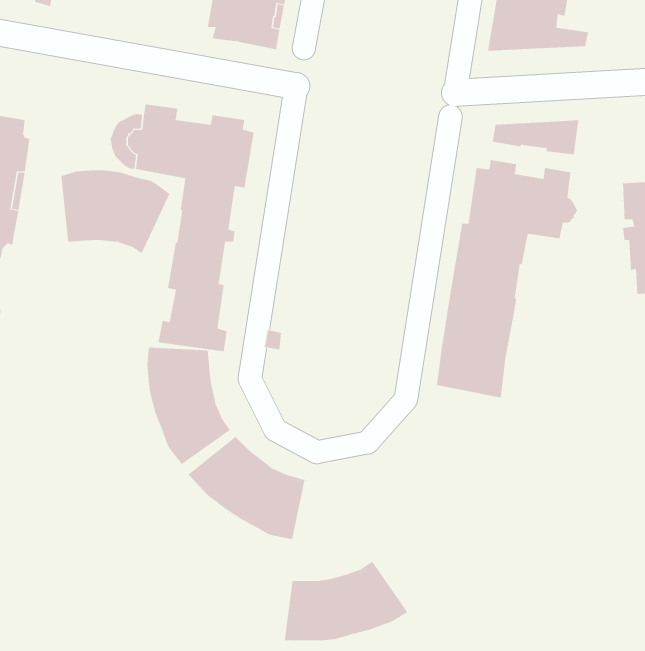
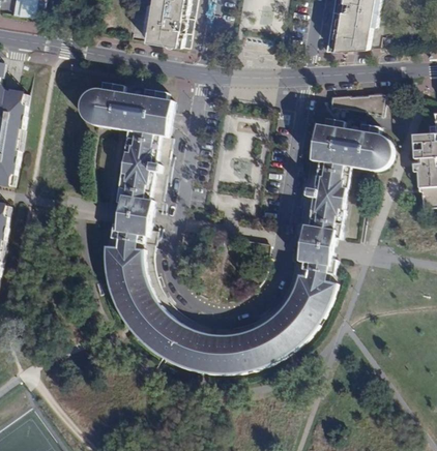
building: [61,169,170,254] -> none
building: none -> [371,136,391,172]
building: none -> [270,270,339,347]
building: [284,561,408,641] -> [207,318,288,369]

